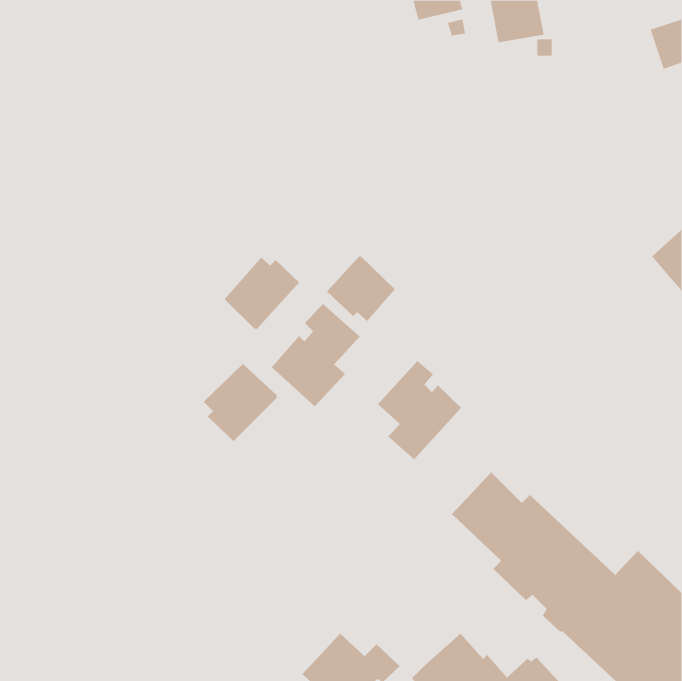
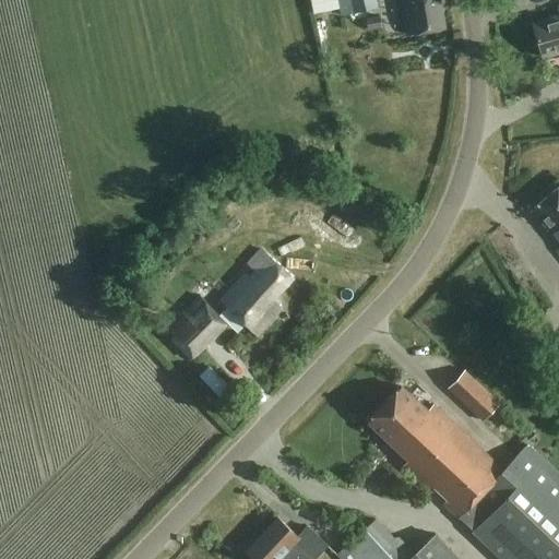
building: [326,256,396,322] -> none
building: [224,257,300,330] -> none
building: [377,360,462,460] -> none
building: none -> [448,370,501,423]

